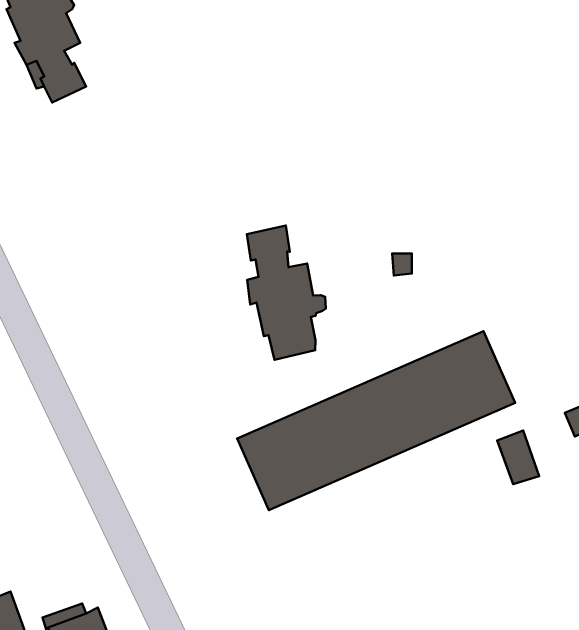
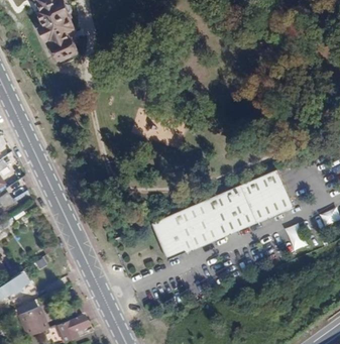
building: [247,226,326,360] -> none

